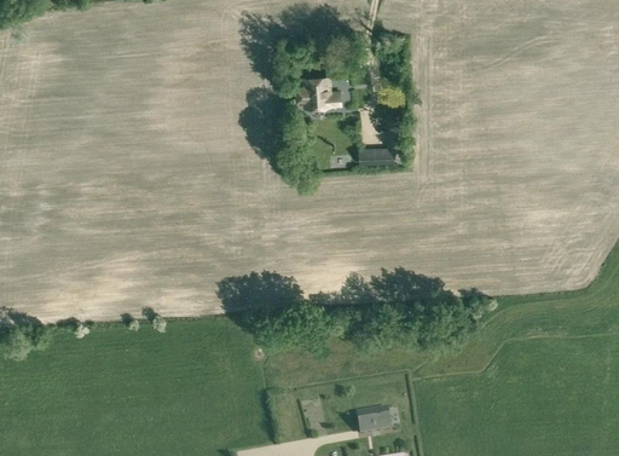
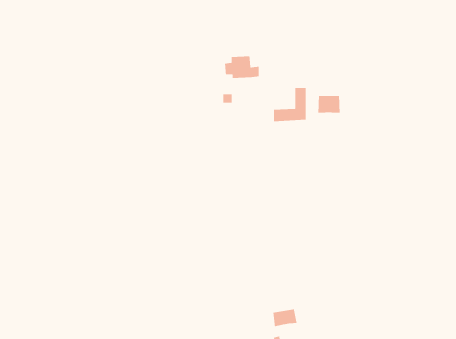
building: none -> [318,95,340,114]

